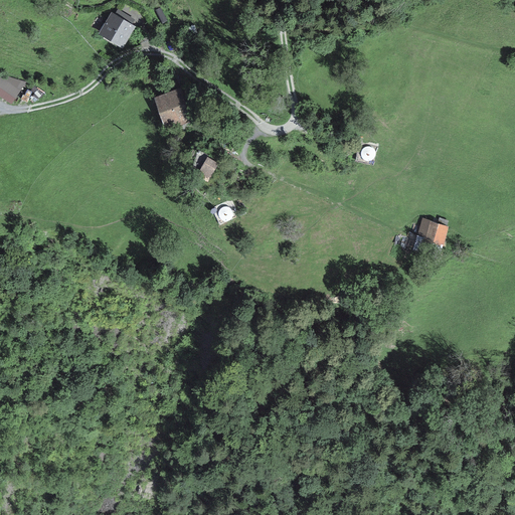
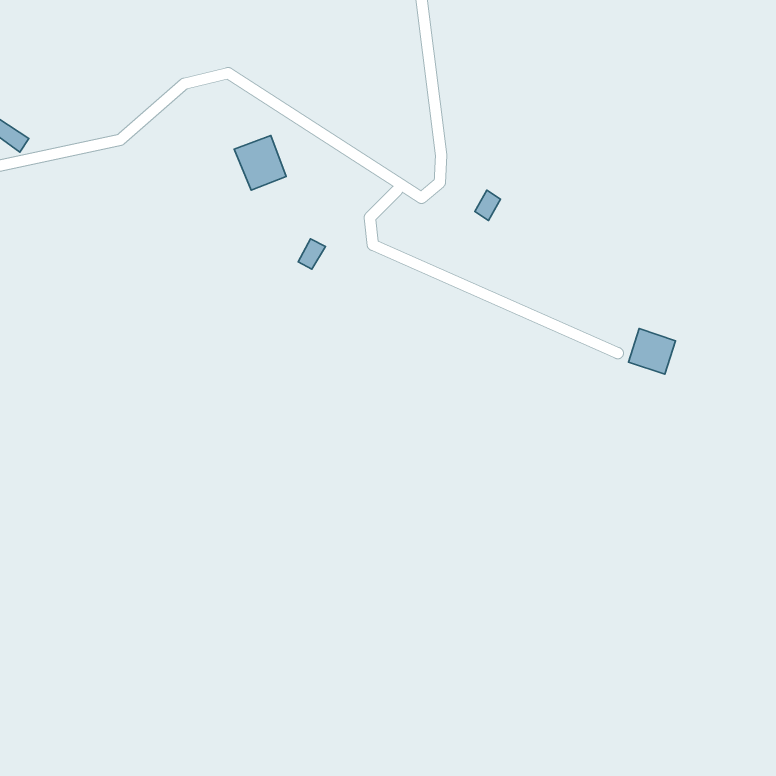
building: [102,17,131,45] -> none

